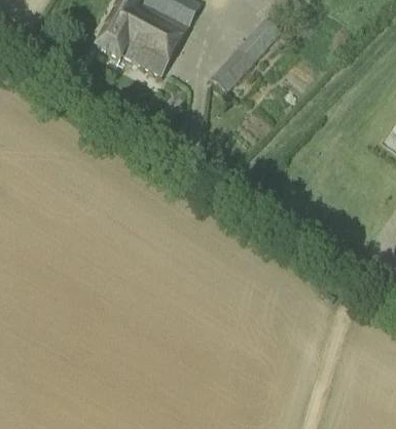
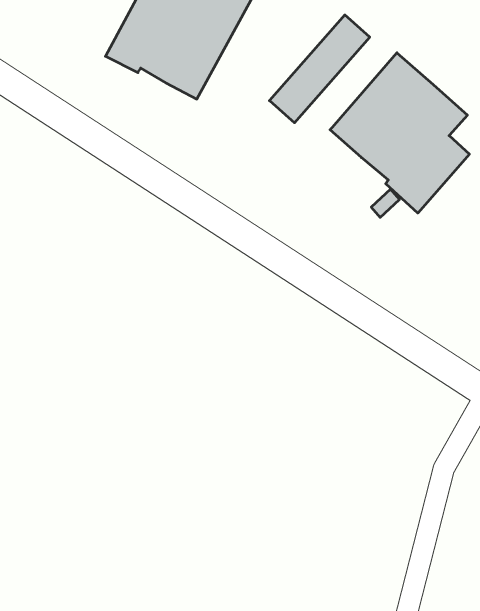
building: none -> [330,53,469,213]

